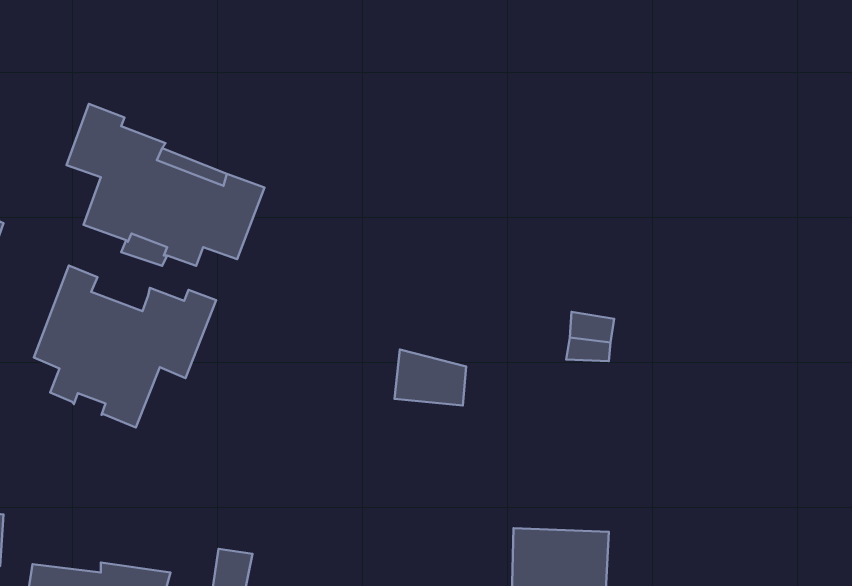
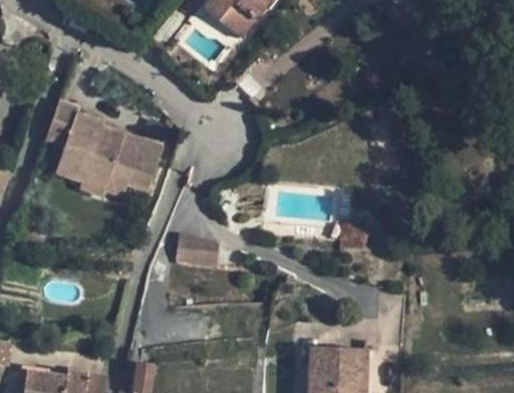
building: [34,266,216,428] -> none
building: [395,349,466,406] -> [177,233,219,266]

